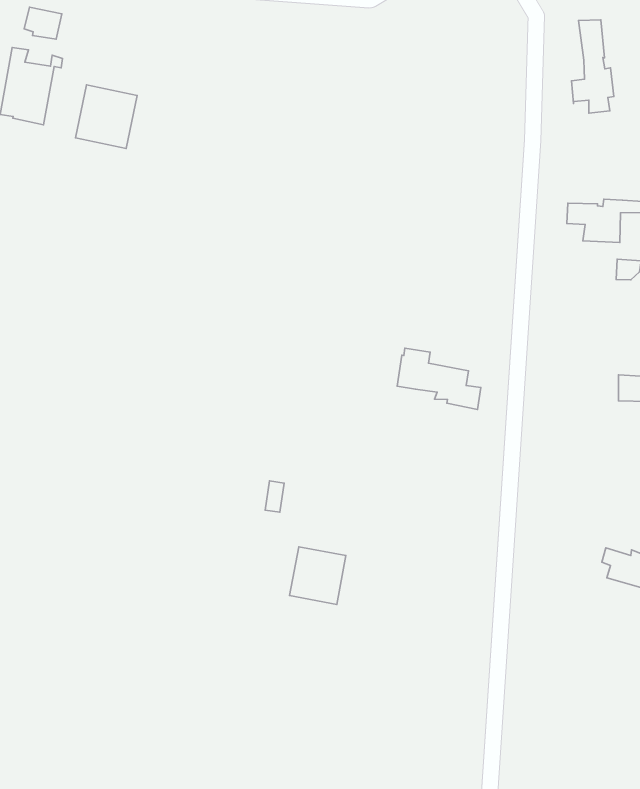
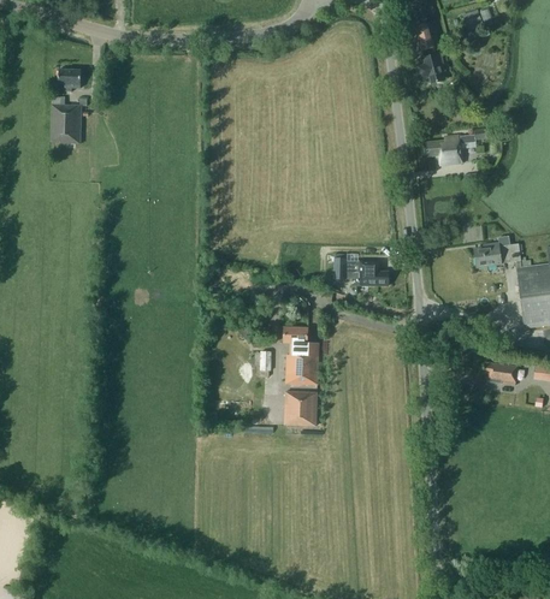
building: [75,85,137,149] -> none
building: none -> [283,327,318,385]

